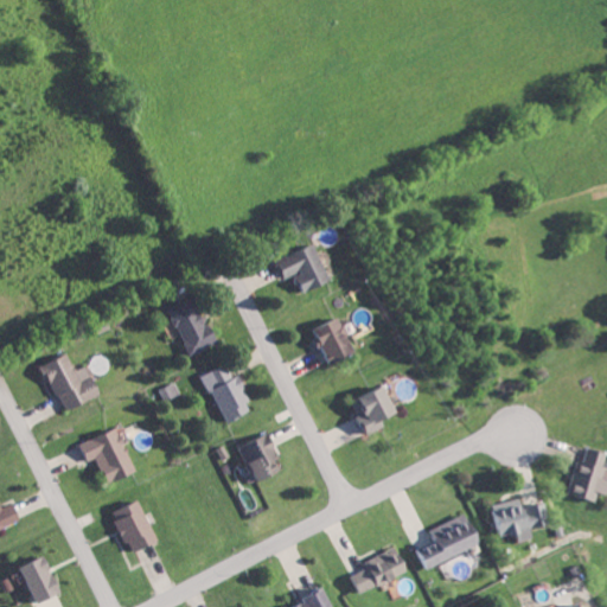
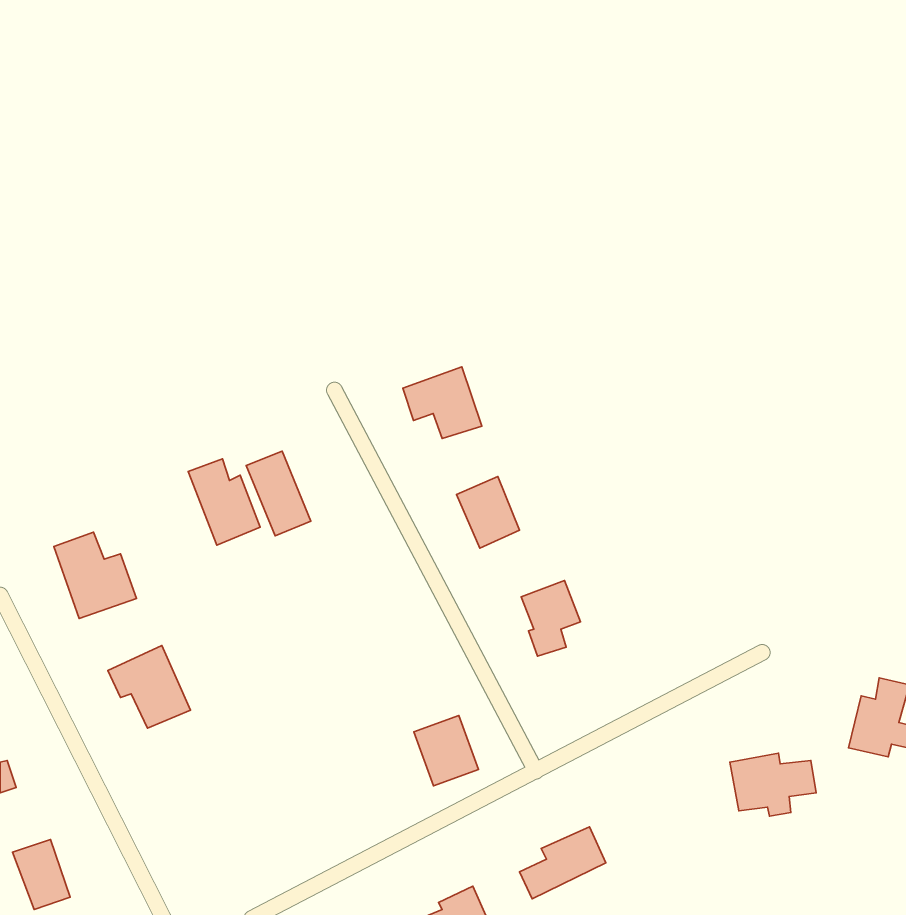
building: [205,365,253,422] -> [188,459,260,545]
building: [238,434,281,480] -> [414,716,478,786]
building: [110,499,155,552] -> none
building: [415,513,481,570] -> none

